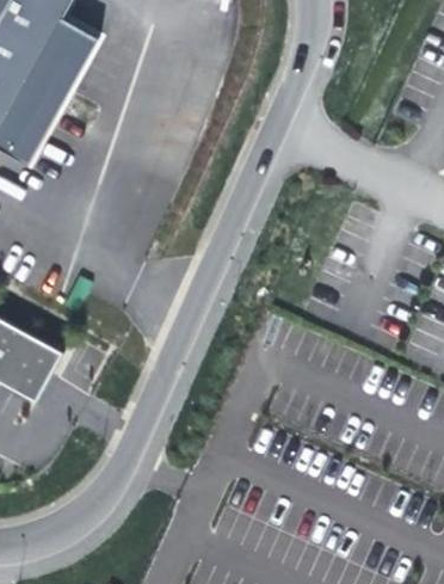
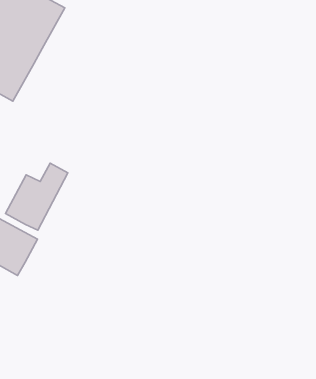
building: none -> [5,163,68,230]

